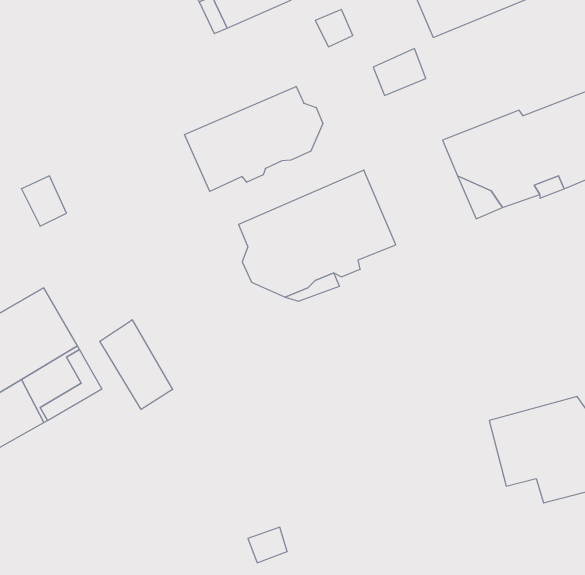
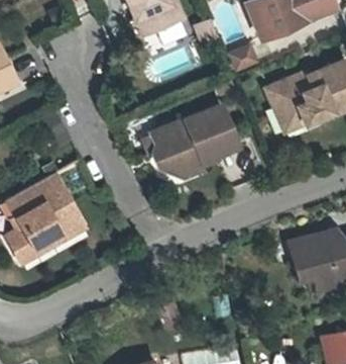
building: [185,86,323,191] -> none
building: [100,320,173,409] -> none

